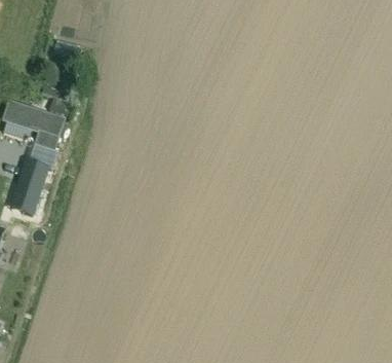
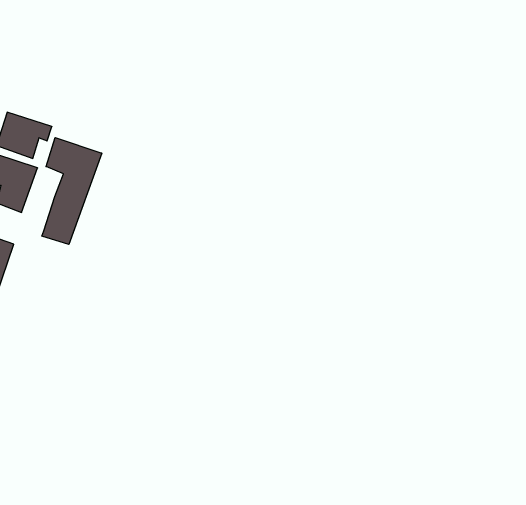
building: none -> [42,138,102,244]

